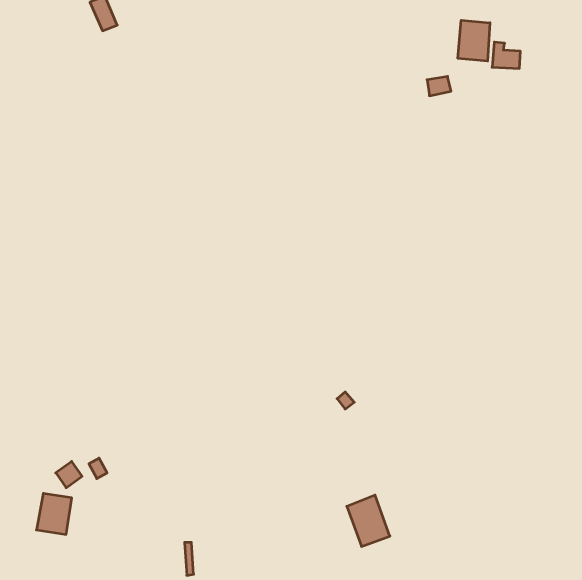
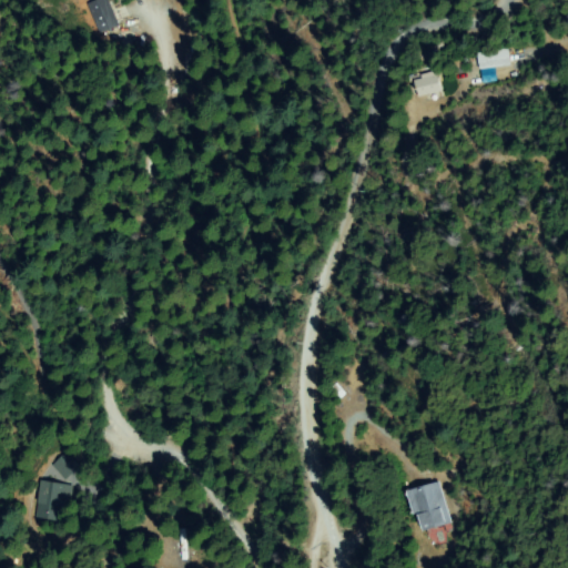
building: [458,20,490,61] -> none
building: [347,495,390,546] -> [407,480,449,530]

